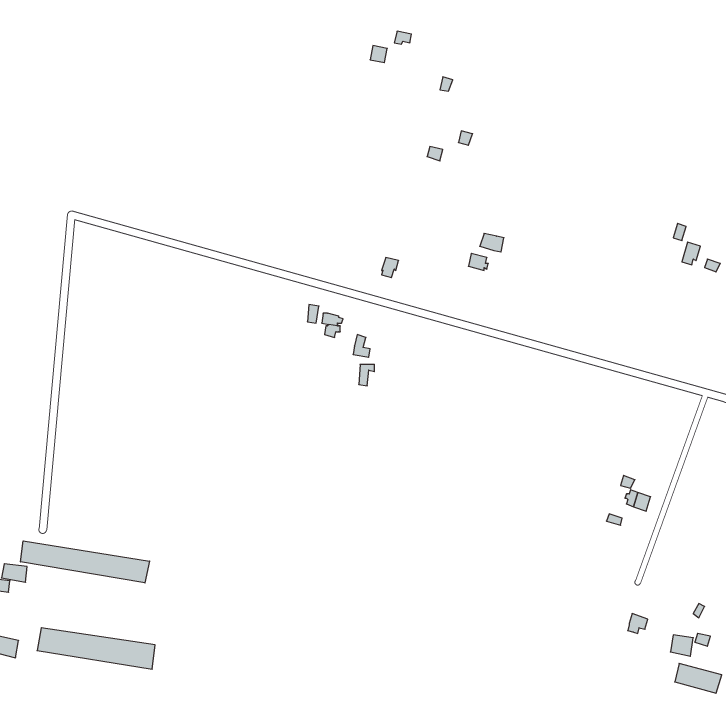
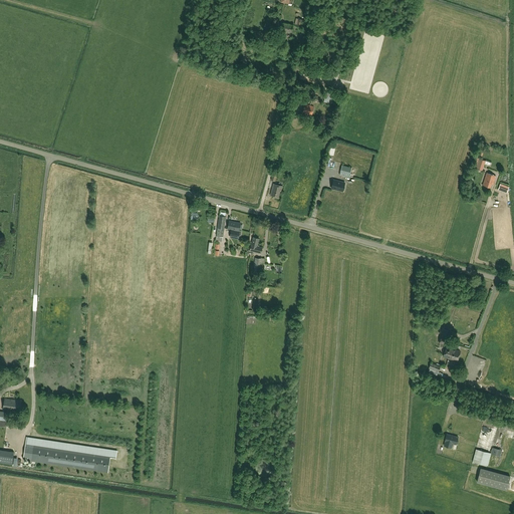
building: [21,541,150,583] -> none

